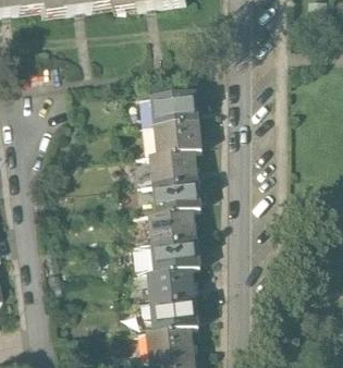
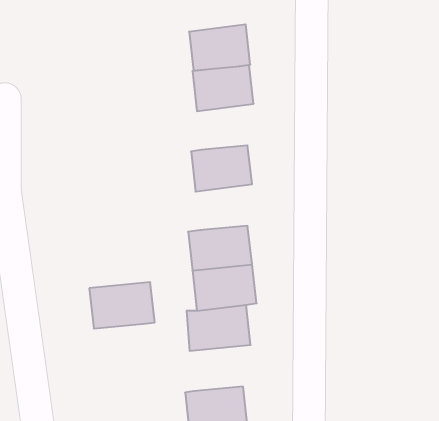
building: [157,113,201,147] -> [189,24,250,71]
building: [156,172,200,206] -> none
building: [151,290,199,323] -> [89,282,155,328]

